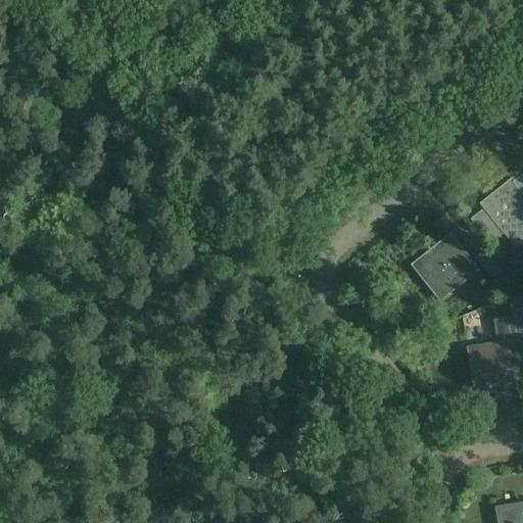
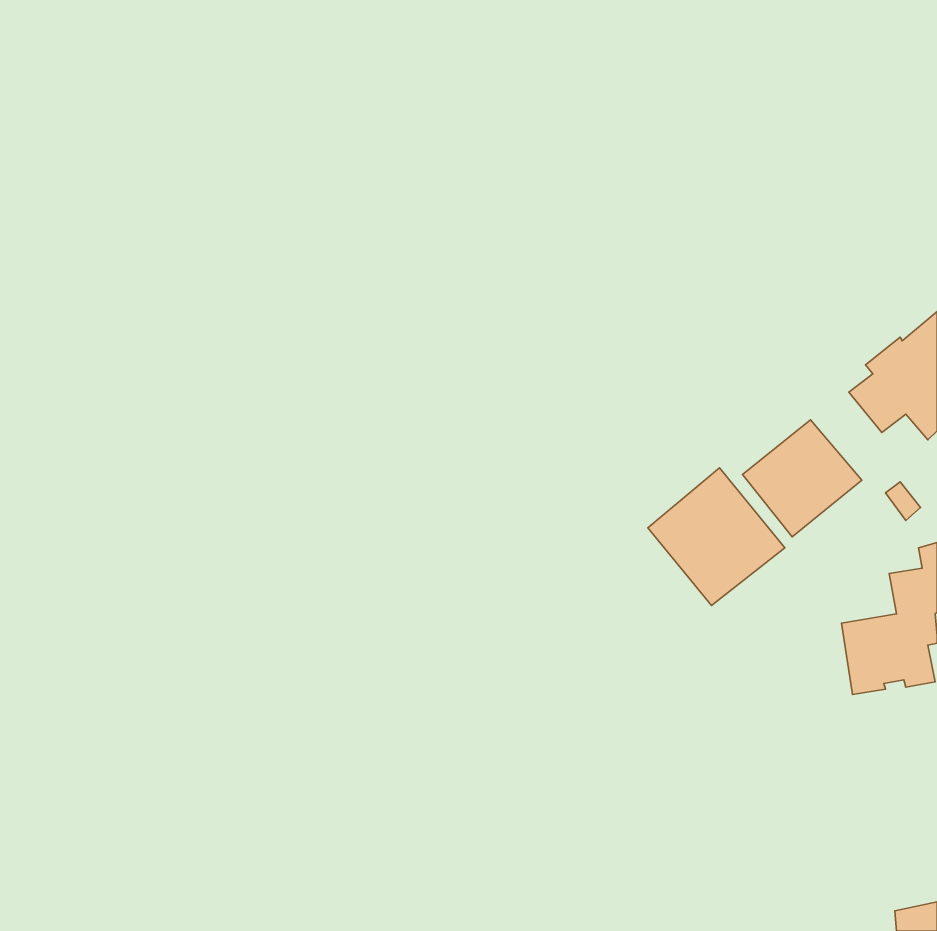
building: none -> [648,468,785,605]

